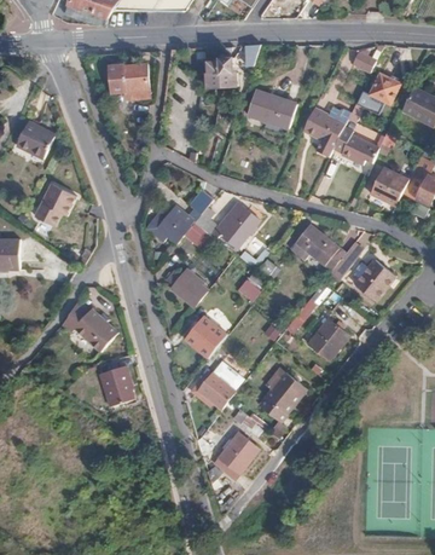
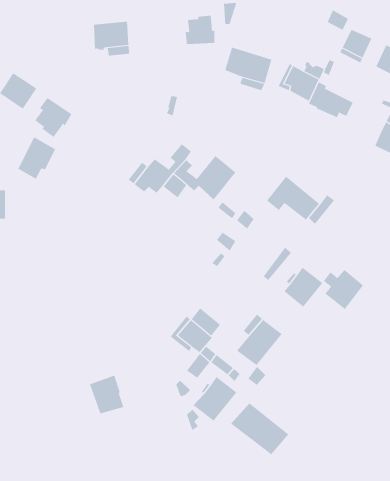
building: none -> [35,97,72,138]
building: [370,166,408,207] -> none
building: [353,259,395,301] -> [323,269,364,310]
building: [170,271,208,306] -> none
building: [58,299,122,342] -> none
building: [184,316,221,357] -> none
building: [98,365,134,406] -> [89,375,124,414]
building: none -> [230,402,289,455]

